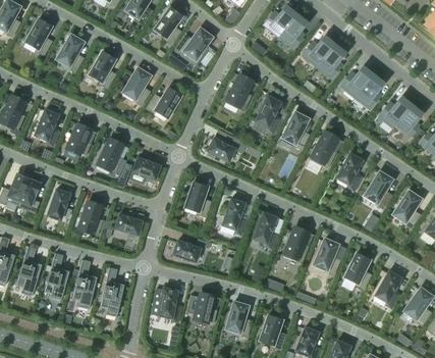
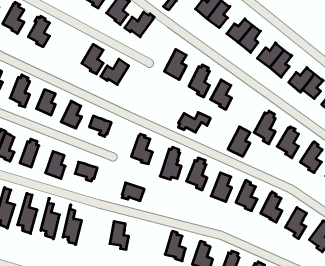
building: [90,50,115,87] -> none
building: [310,131,337,167] -> [228,127,250,156]
building: [207,136,247,160] -> [178,112,210,132]
building: [194,292,217,322] -> none

